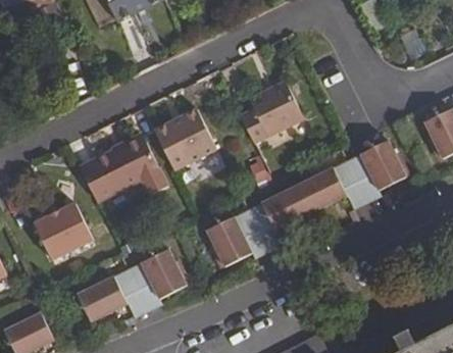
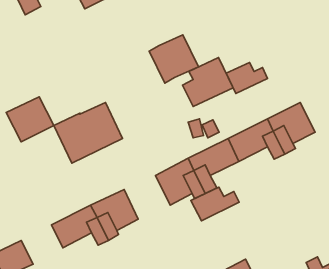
building: none -> [226,63,267,93]
building: [154,109,215,169] -> [149,35,198,83]
building: [33,205,92,261] -> [6,97,54,142]
building: none -> [191,187,239,221]

